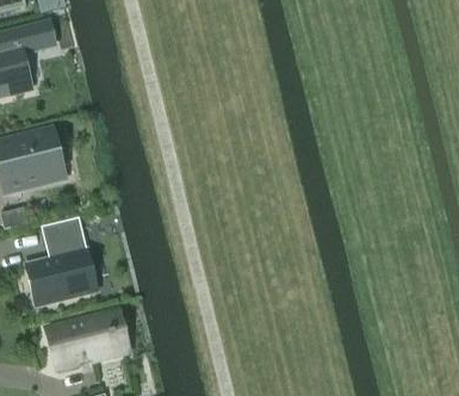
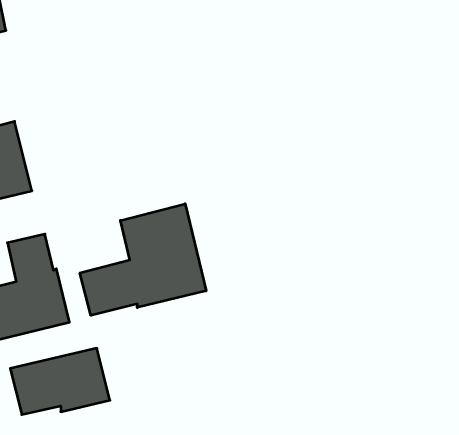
building: none -> [80,204,206,315]

